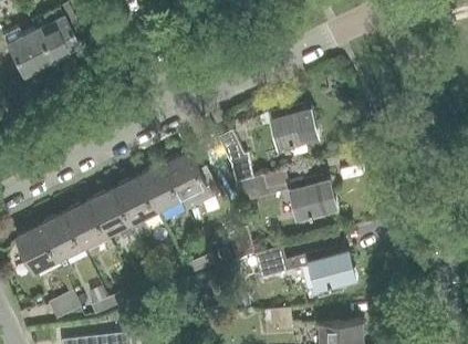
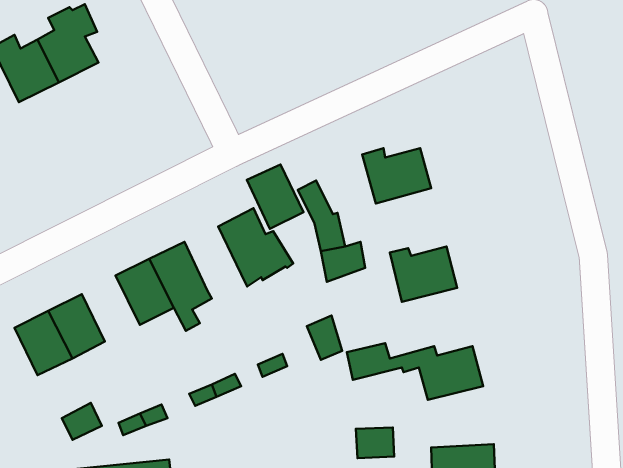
building: [139,166,180,212] -> [247,165,303,229]
building: [65,201,107,249] -> none

